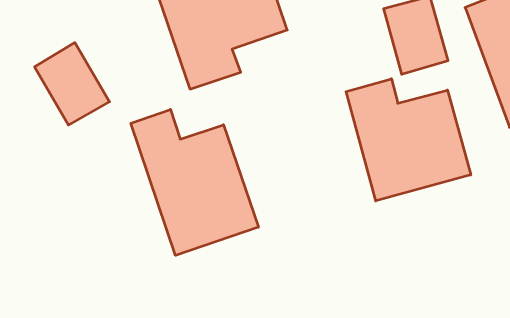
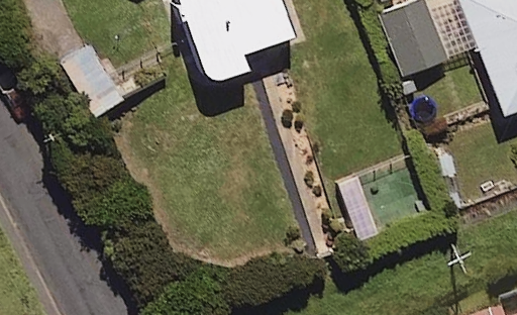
building: [346,79,471,201] -> none
building: [131,109,258,255] -> none

